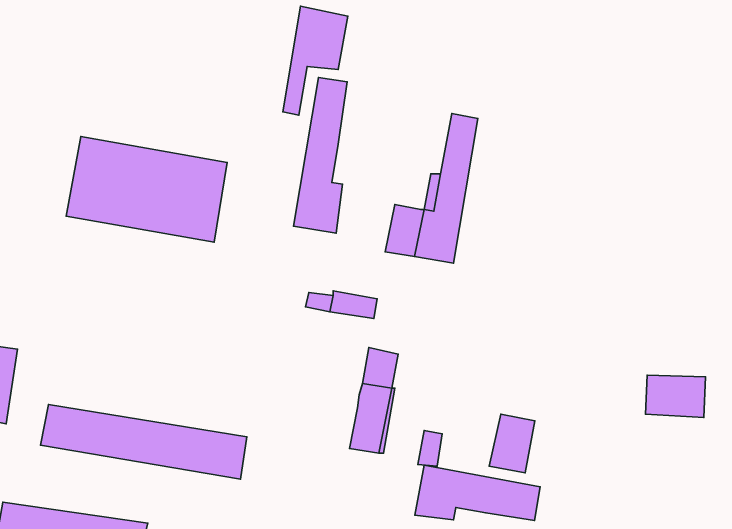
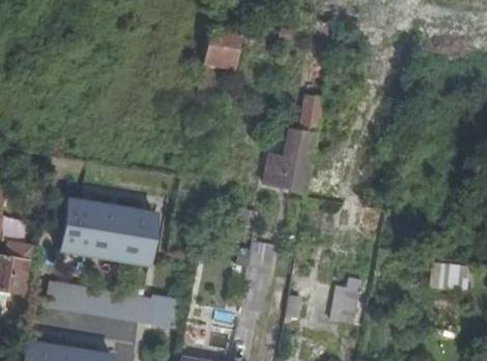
building: [294,78,347,233] -> none
building: [66,136,227,242] -> [55,199,157,267]
building: [415,465,540,520] -> none

